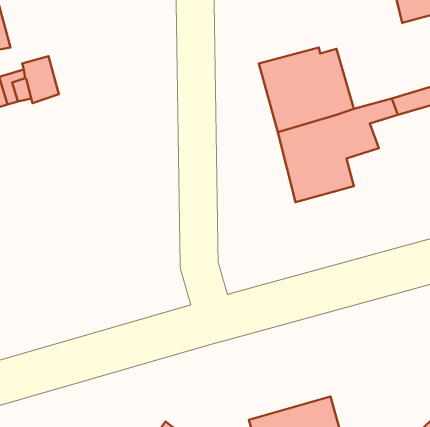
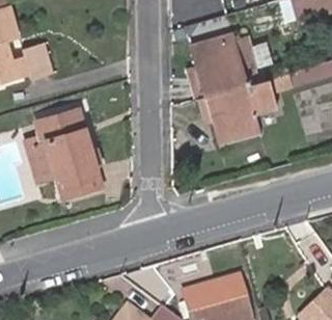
building: none -> [26,105,104,195]

